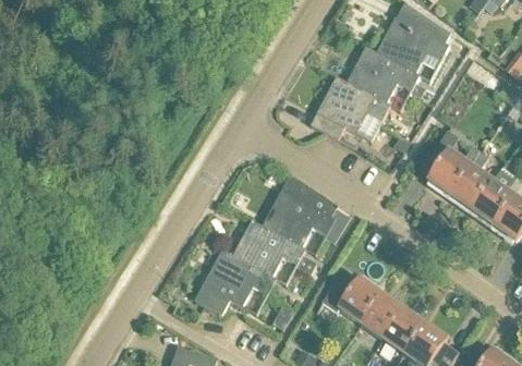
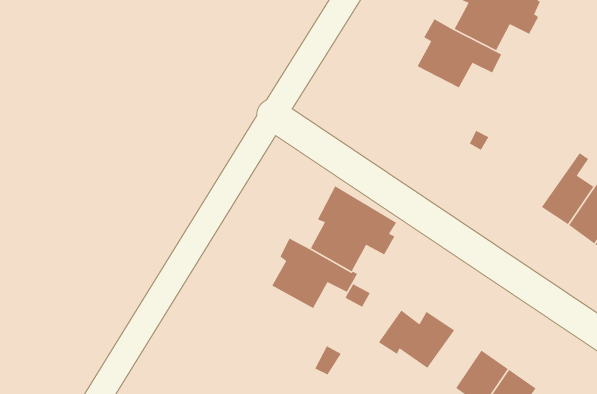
building: [311,76,390,142] -> none
building: [428,130,481,196] -> none
building: [195,249,276,315] -> none
building: [361,293,403,339] -> none

